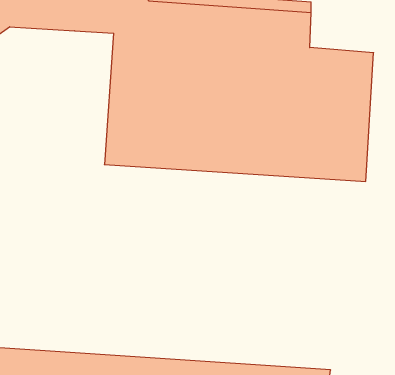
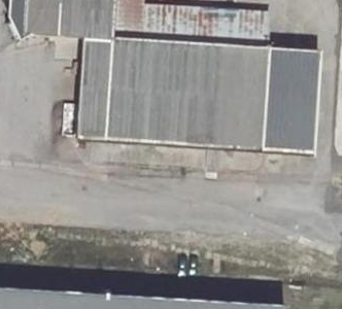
building: none -> [77,34,113,140]

